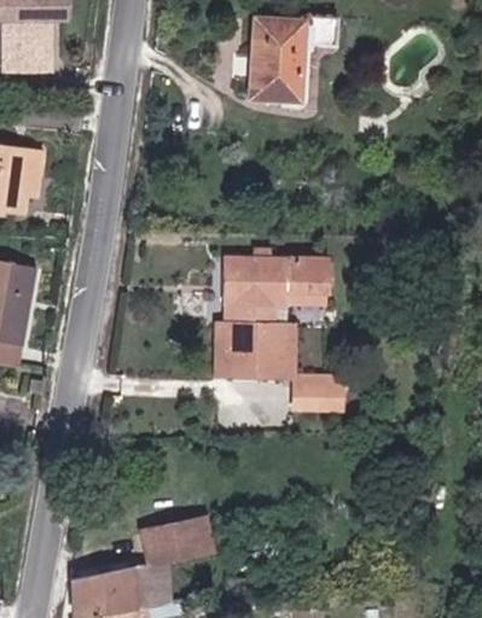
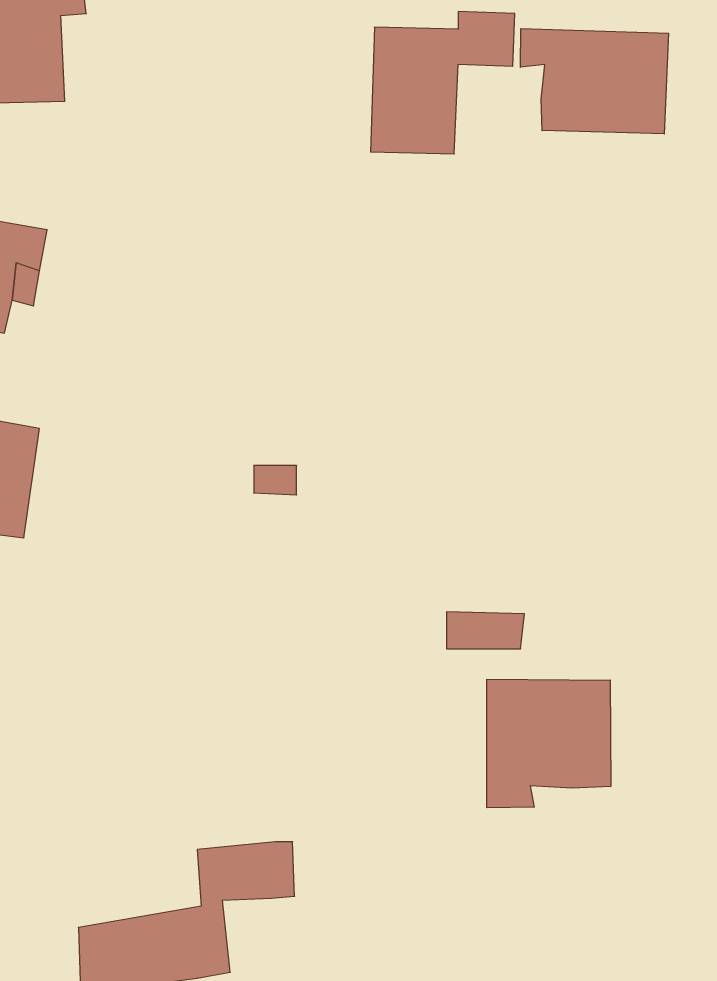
building: none -> [520,29,668,134]
building: [208,256,323,377] -> none
building: none -> [487,679,611,808]

